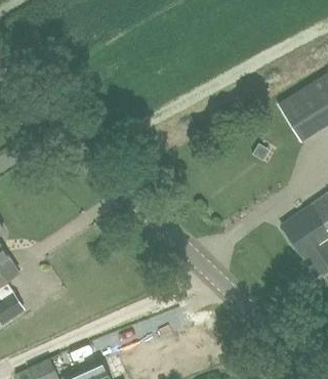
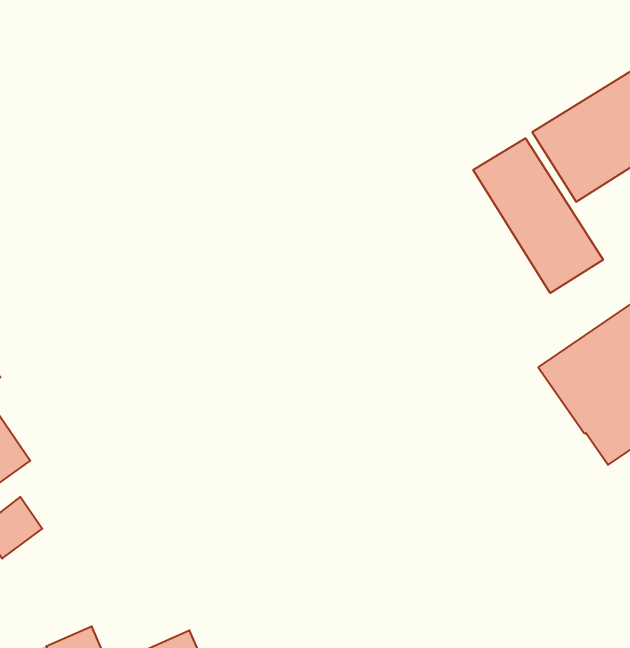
building: none -> [473,138,603,293]

